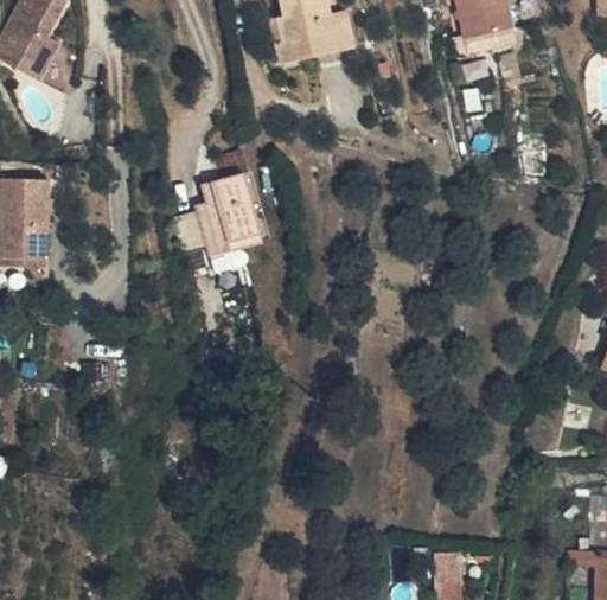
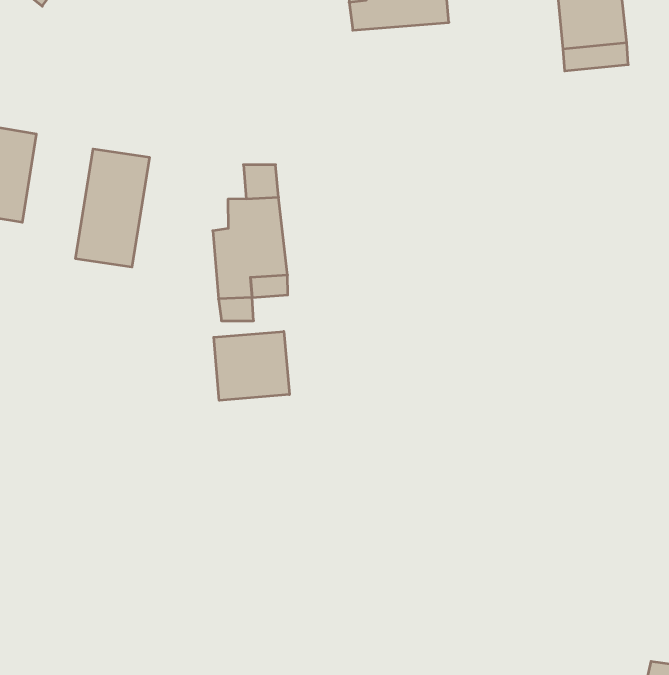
building: none -> [76,149,149,267]
building: none -> [214,331,289,400]

